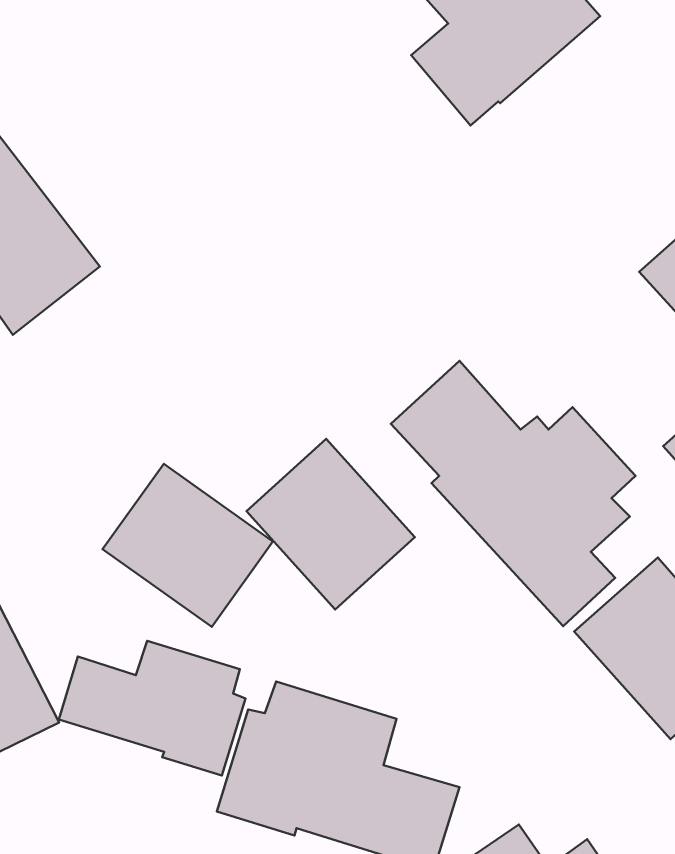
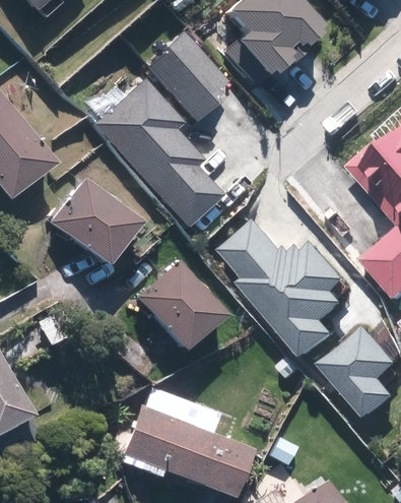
building: none -> [144,32,228,124]
building: none -> [91,78,223,230]
building: [103,464,273,627] -> [48,177,141,266]
building: [59,641,245,775] -> none

